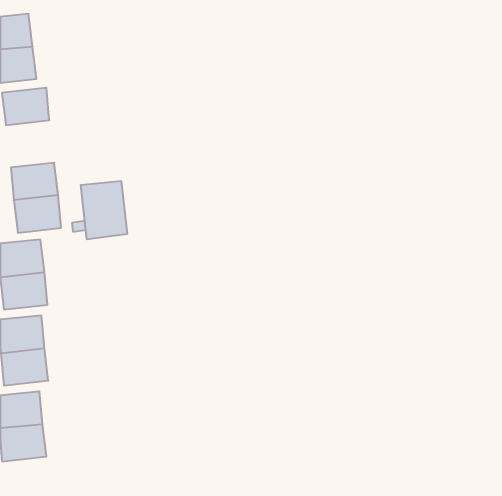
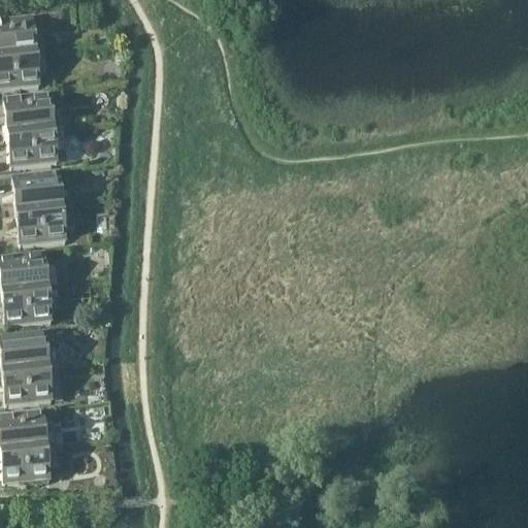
building: none -> [8,126,58,165]
building: [81,181,127,239] -> none

